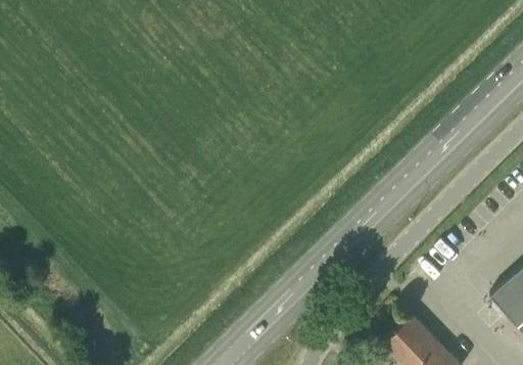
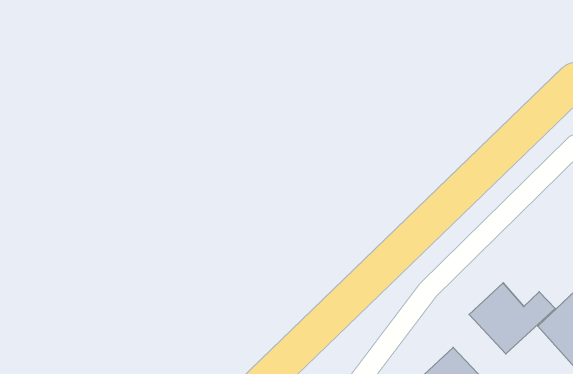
building: none -> [469,283,555,354]

